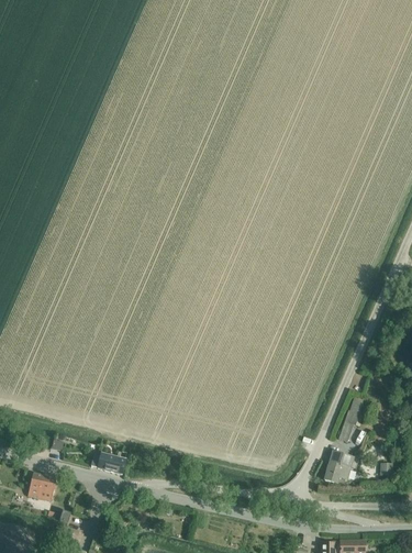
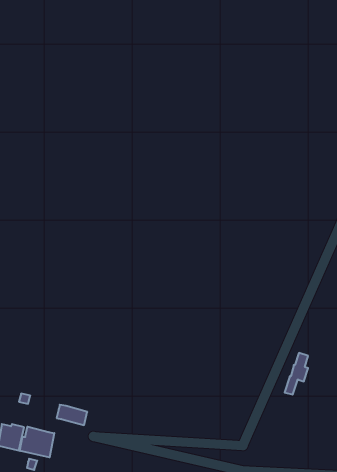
building: [325,452,354,484] -> none
building: none -> [20,427,54,457]

